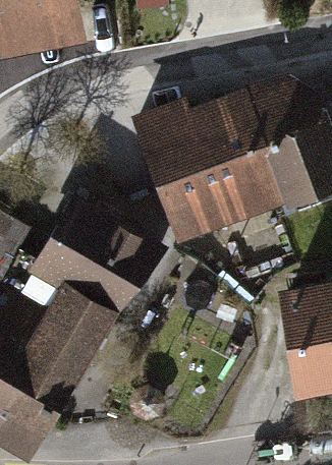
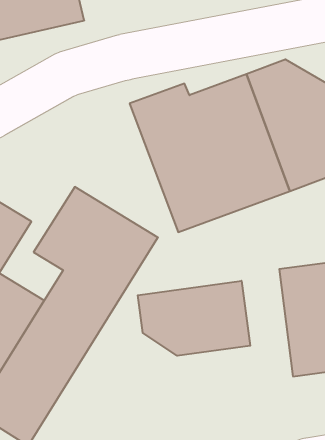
building: none -> [138,281,250,356]

